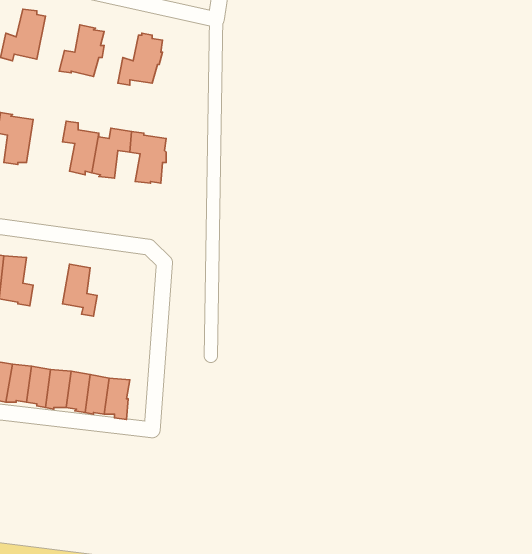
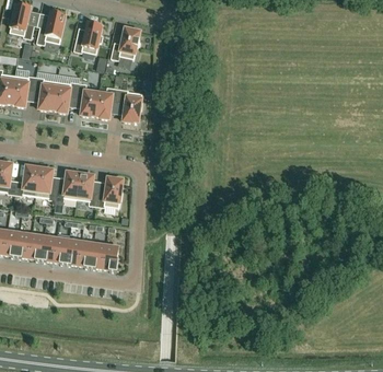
building: none -> [53,80,78,112]
building: none -> [55,170,80,199]
building: none -> [95,175,121,206]

